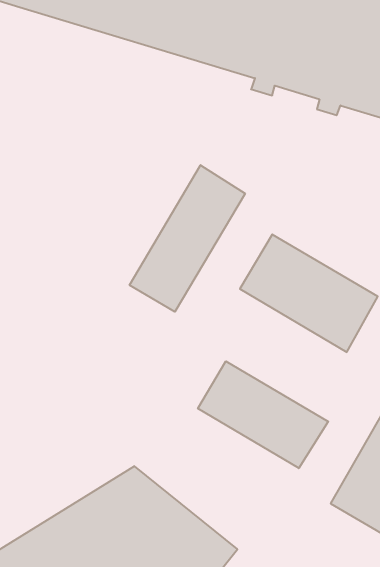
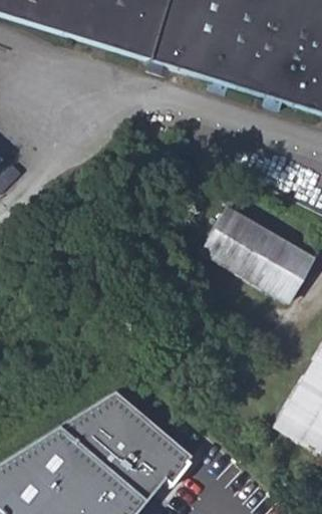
building: [130,165,245,312] -> none
building: [198,361,328,468] -> none

